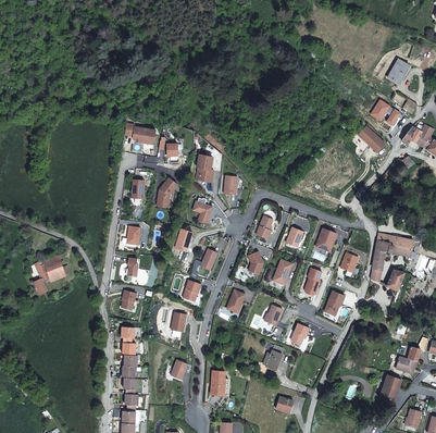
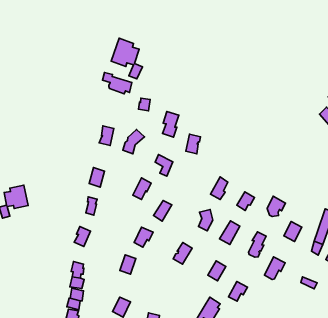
building: none -> [111,38,142,79]

